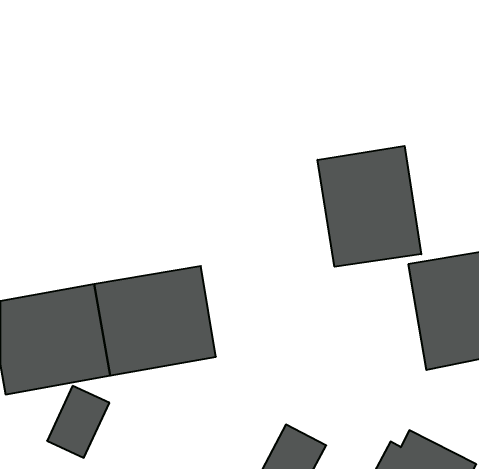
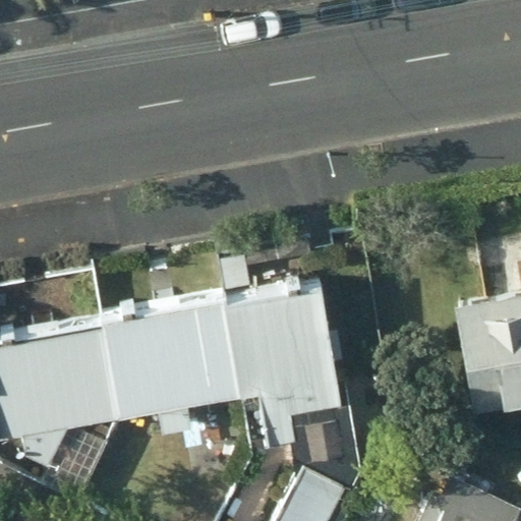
building: [318,146,421,267] -> none
building: none -> [220,284,348,452]

